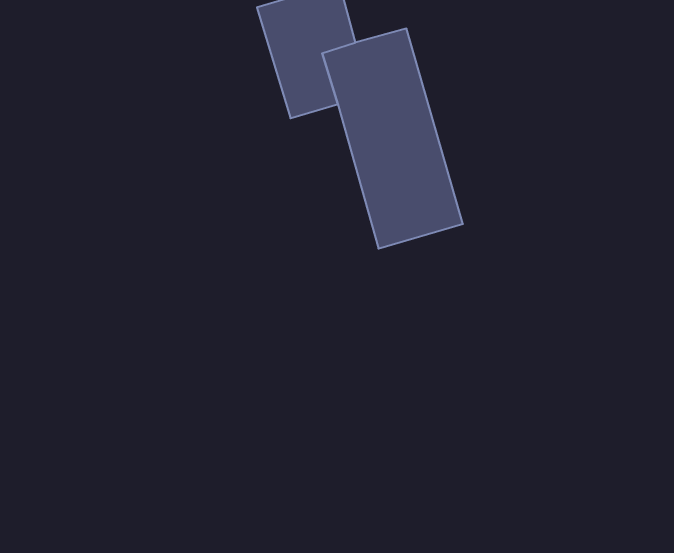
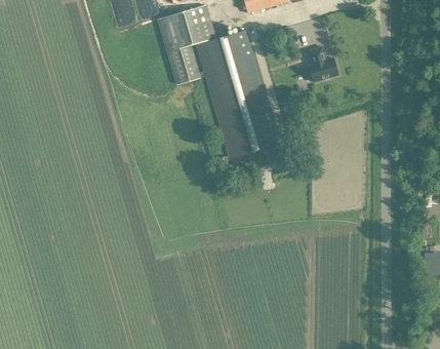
building: none -> [308,46,337,81]

